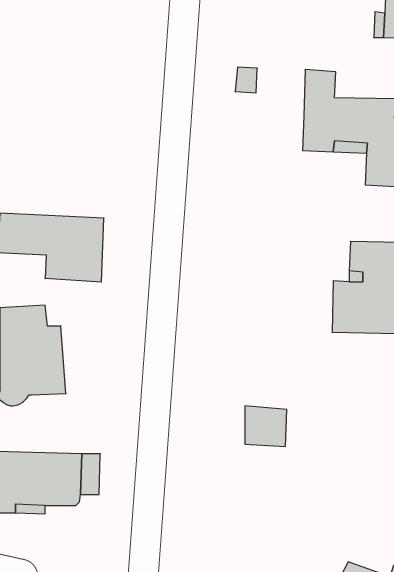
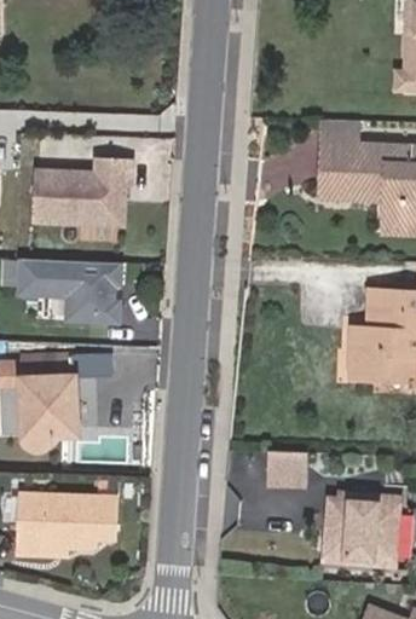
building: none -> [33,156,128,227]
building: none -> [317,488,399,568]

